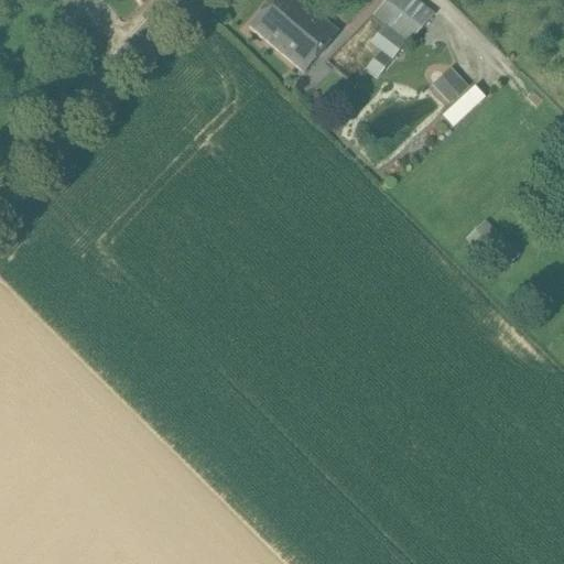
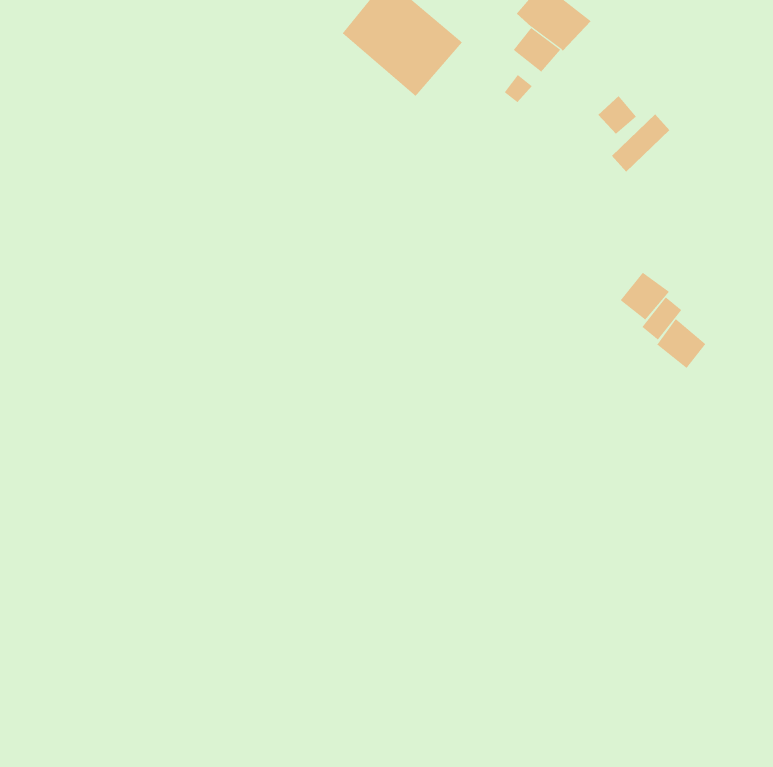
building: none -> [620,272,670,321]
building: none -> [656,318,706,369]

